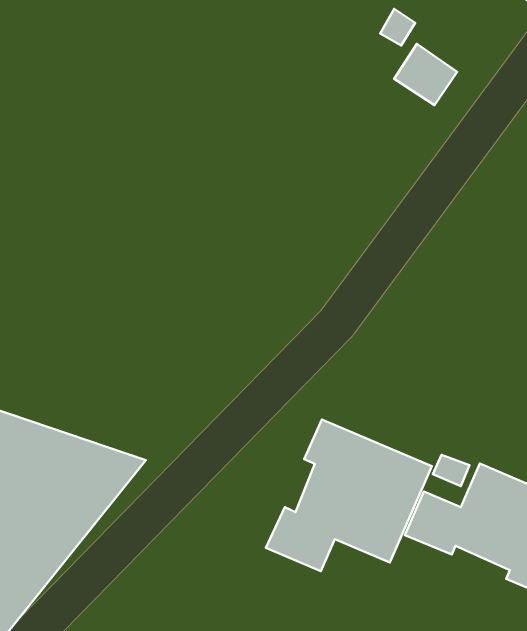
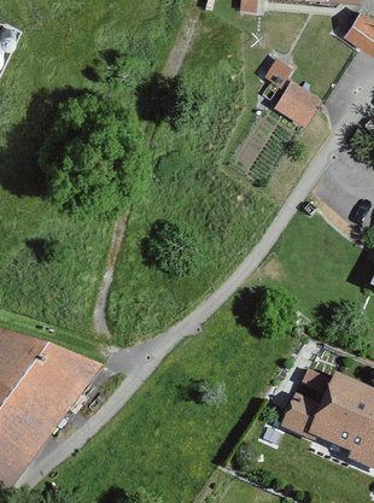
building: [266,420,432,571] -> none

